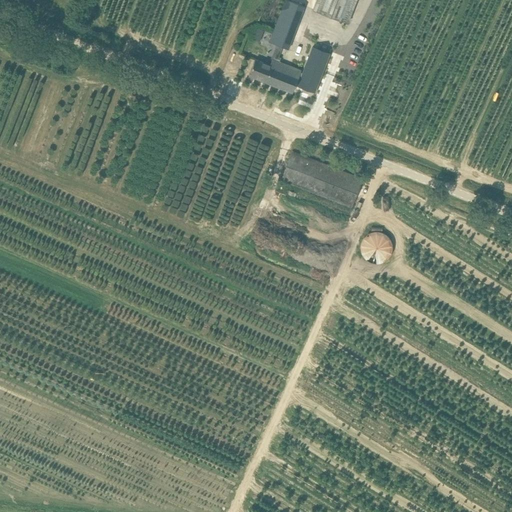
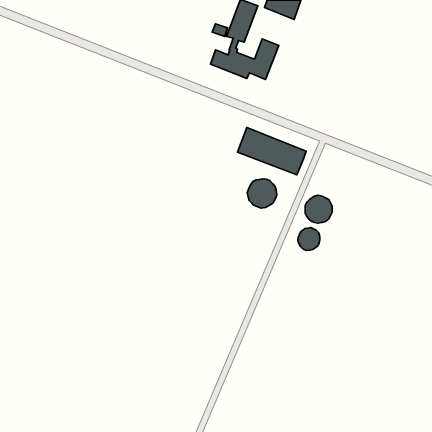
building: none -> [247,179,277,208]
building: none -> [298,227,320,250]

